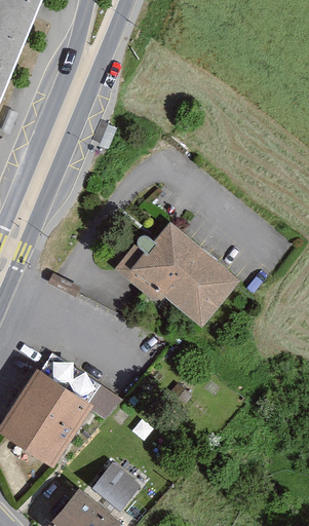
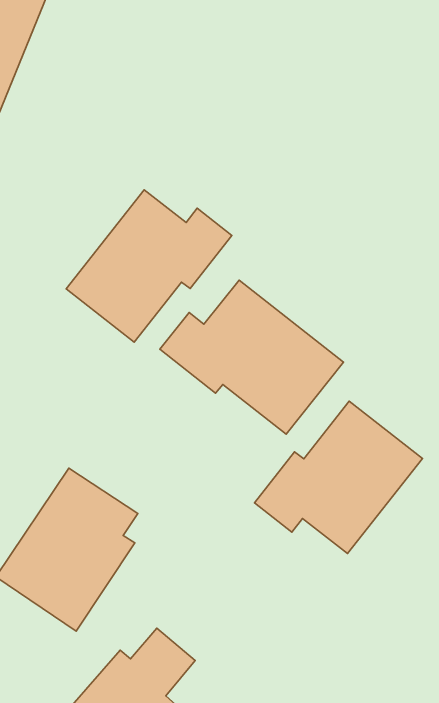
building: none -> [66,190,232,342]
building: none -> [254,401,423,554]

